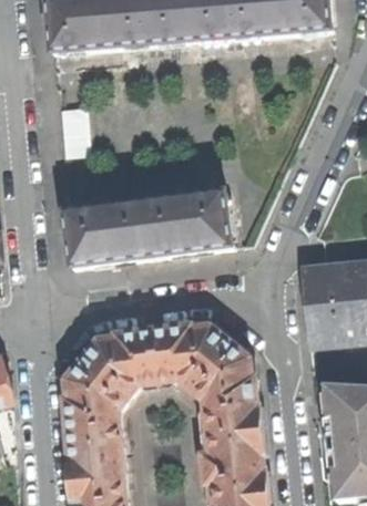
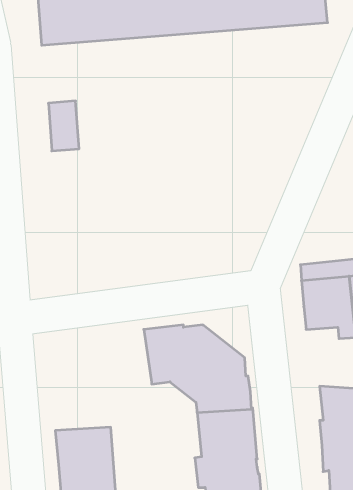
building: [68,195,235,270] -> none
building: [67,332,163,431] -> none

